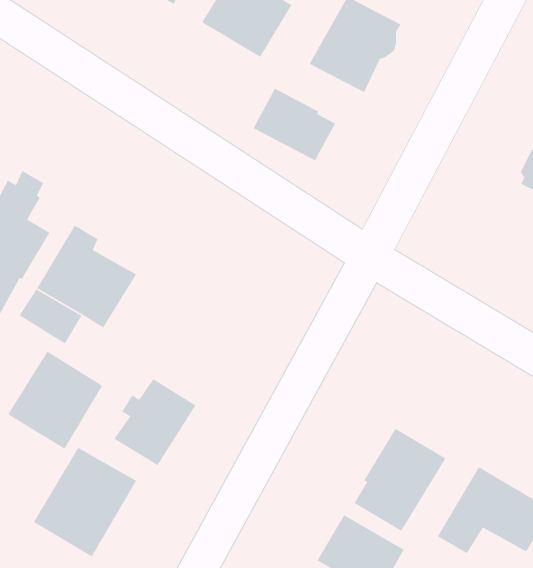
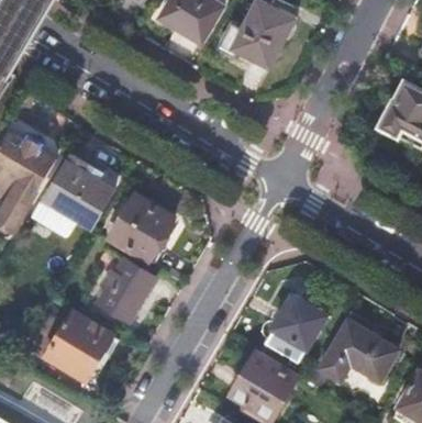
building: [253,88,336,162] -> none
building: [7,350,103,450] -> [108,193,174,261]

